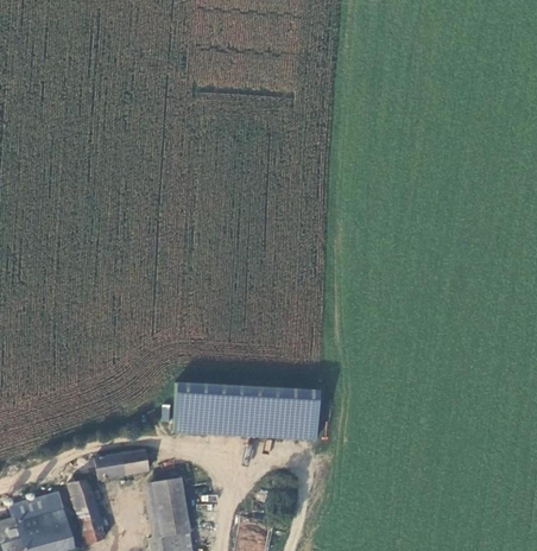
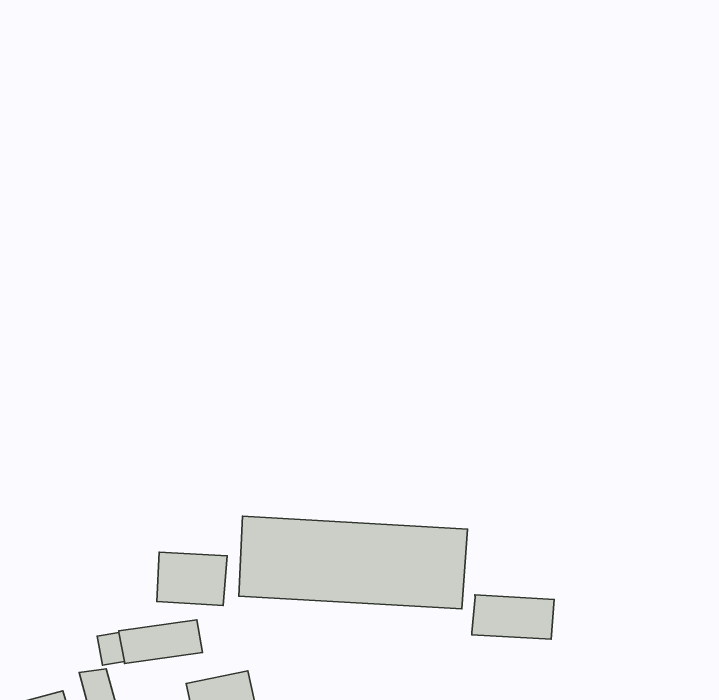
building: none -> [157,552,227,606]
building: none -> [472,595,554,639]

